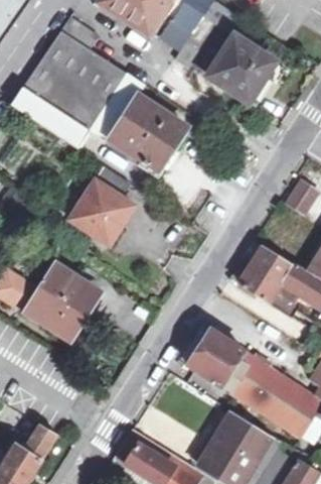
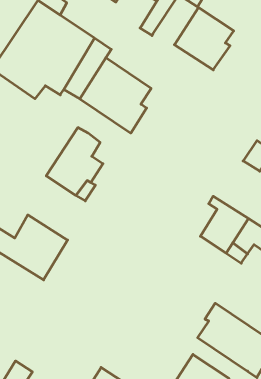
building: [187,329,255,385] -> none

